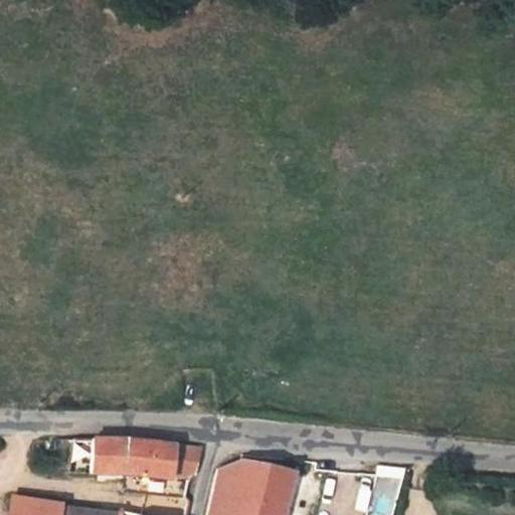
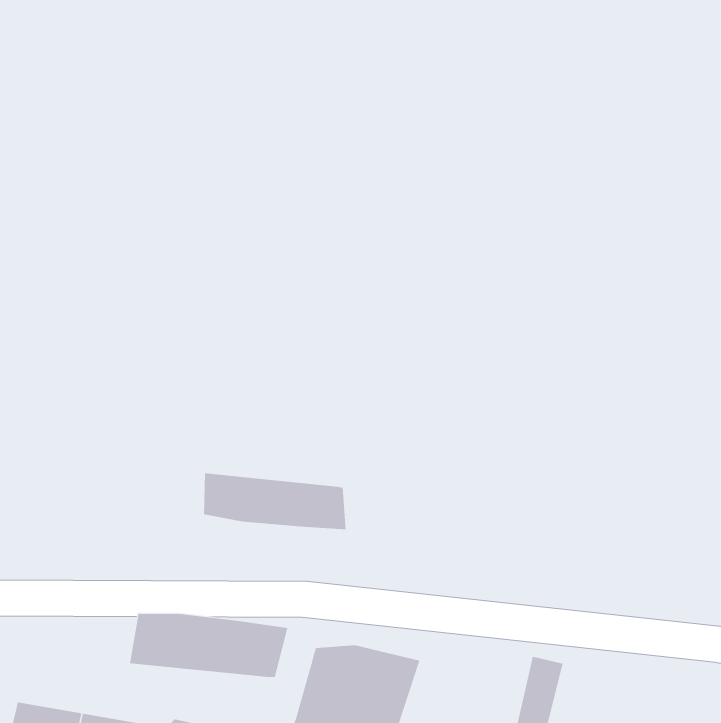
building: none -> [204,473,346,530]

